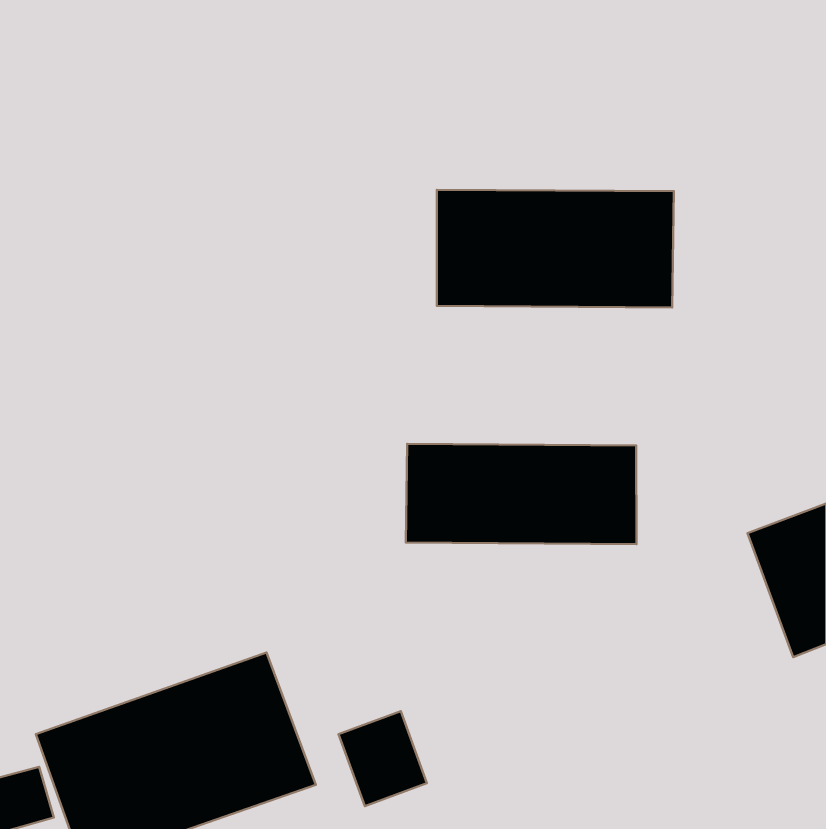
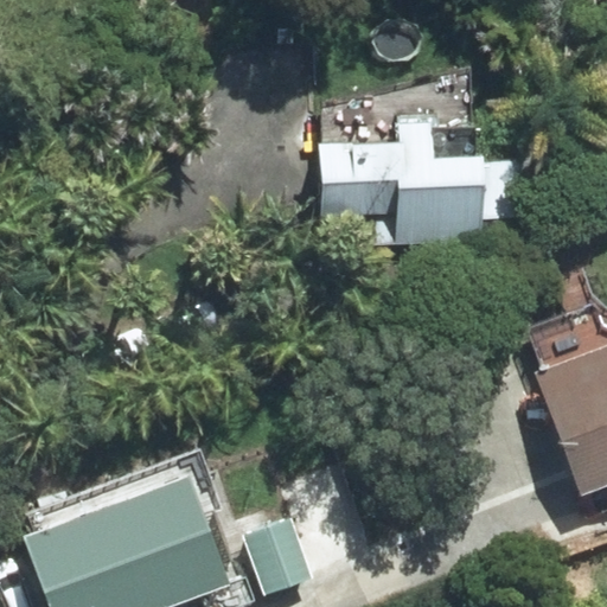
building: [406,444,636,544] -> none

